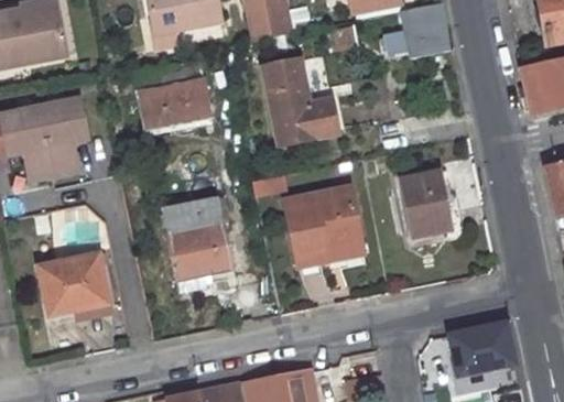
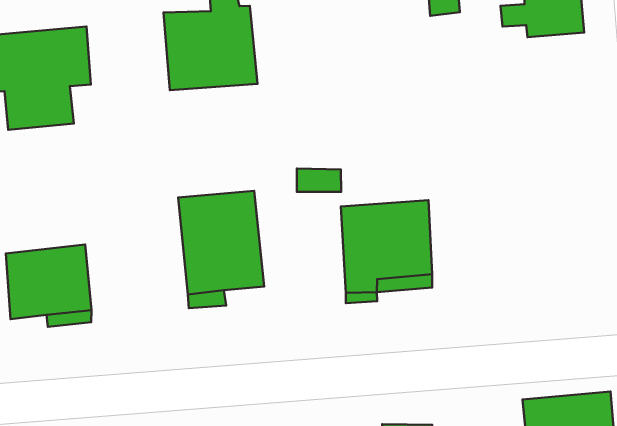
building: [265,62,338,144] -> none
building: [401,172,453,239] -> none

